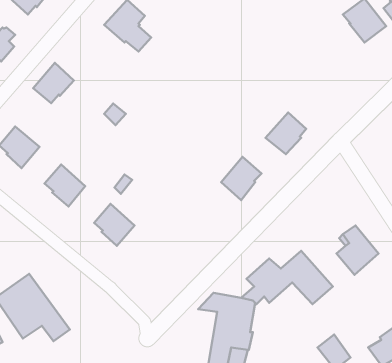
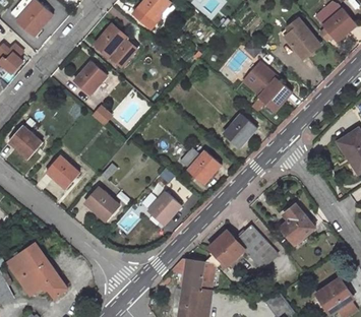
building: none -> [241,61,290,111]
building: [33,63,74,103] -> [74,61,107,93]
building: none -> [147,191,181,224]

